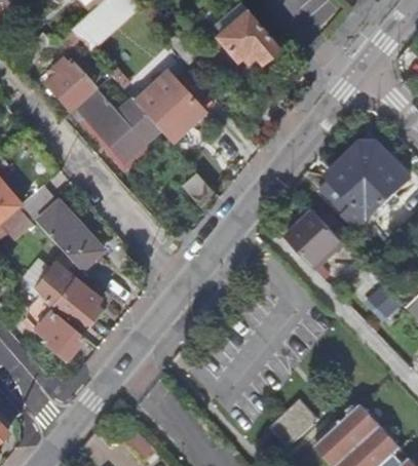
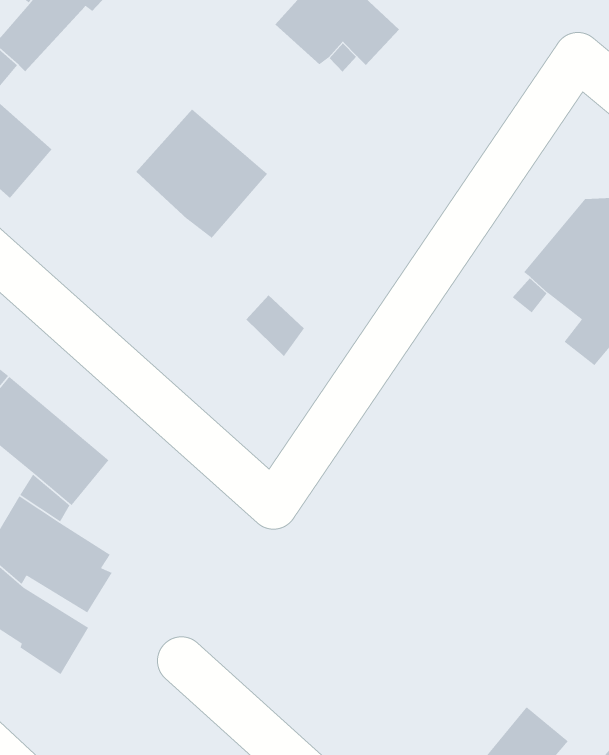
building: [75,87,157,159] -> none
building: [290,211,346,268] -> none

